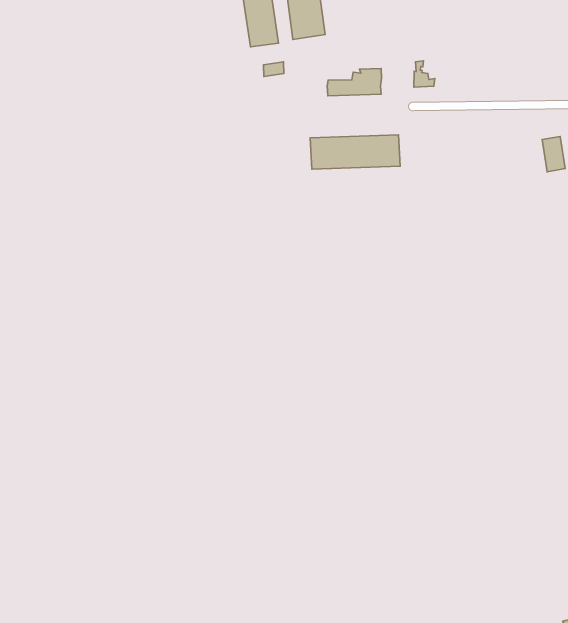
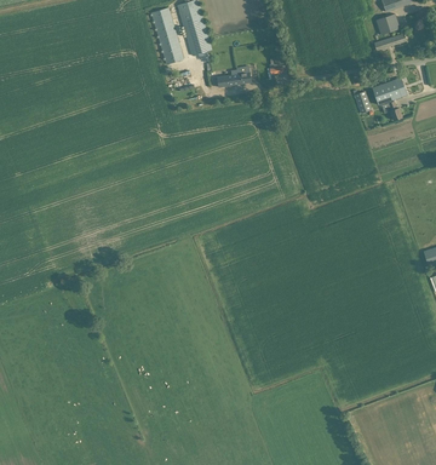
building: [310,135,400,169] -> none

